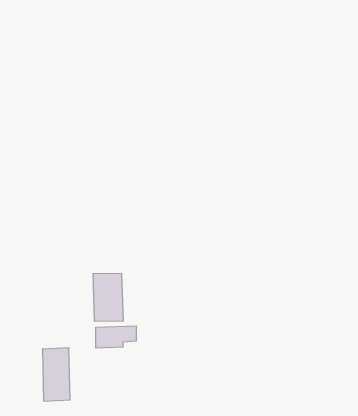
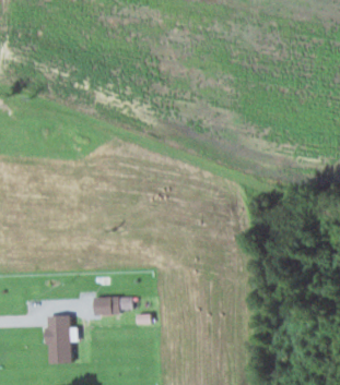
building: [93,273,123,321] -> none

